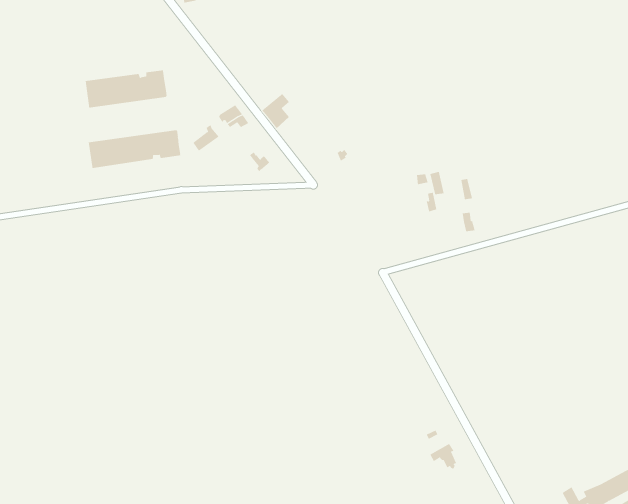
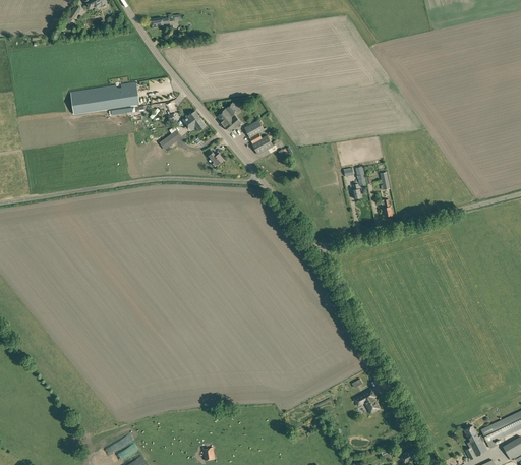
building: none -> [244,120,276,155]
building: [88,129,181,169] -> none

